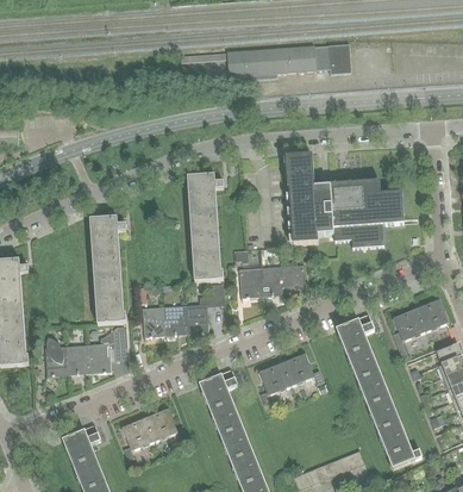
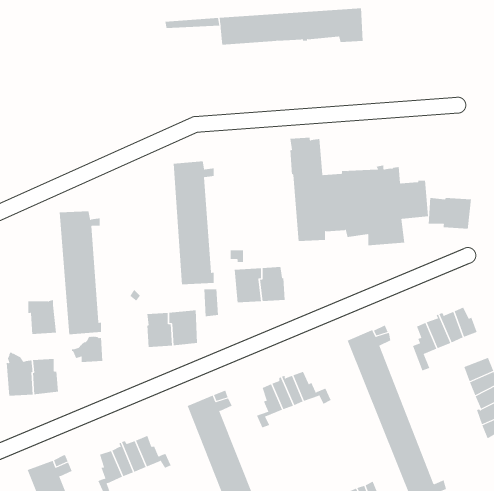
building: none -> [428,197,472,229]
building: [280,263,305,293] -> none
building: [142,305,165,335] -> none
building: [86,342,111,372] -> [27,300,57,334]

